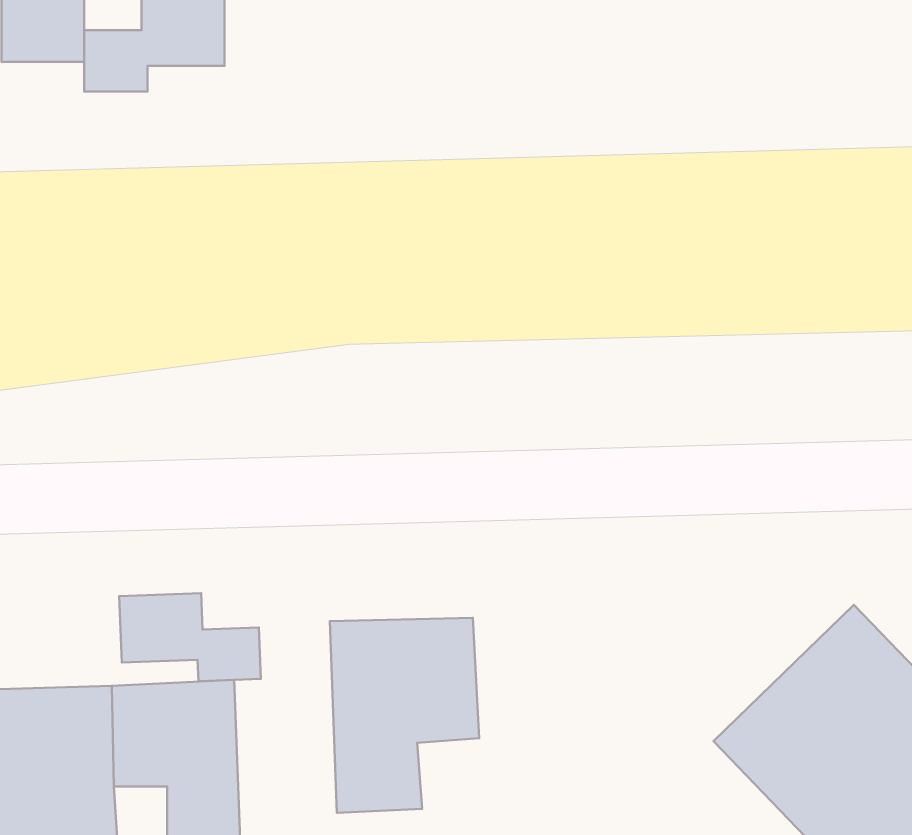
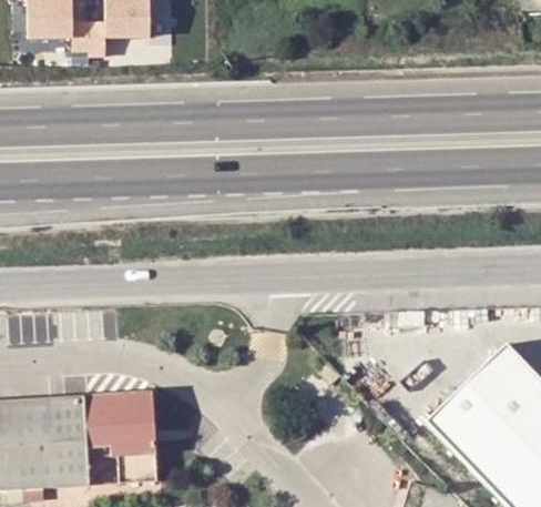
building: [119,593,261,681] -> none
building: [330,618,479,813] -> none

